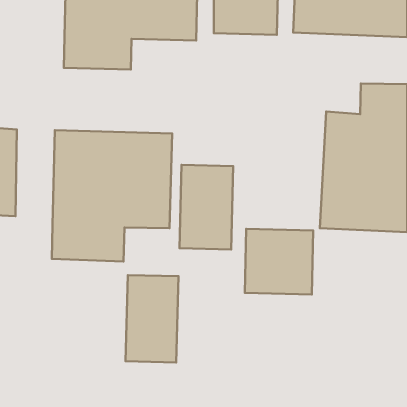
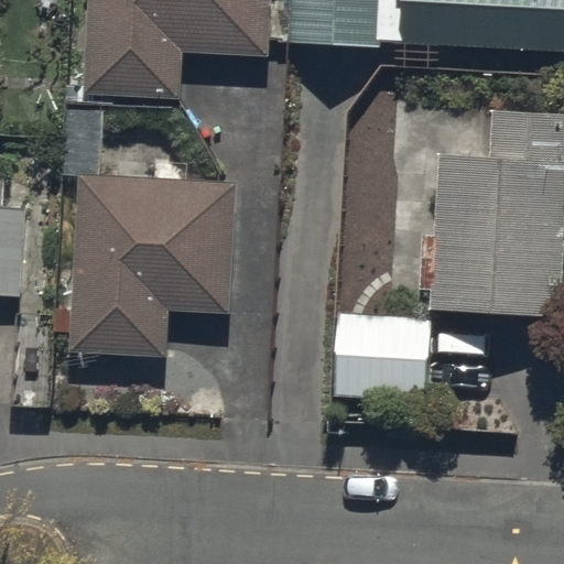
building: [179,165,233,250] -> none
building: [126,275,178,362] -> none

